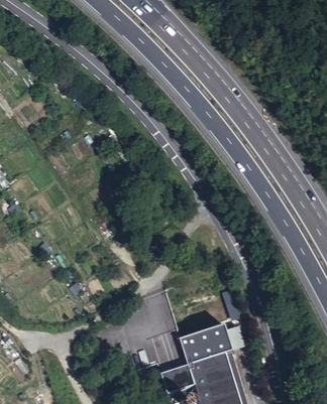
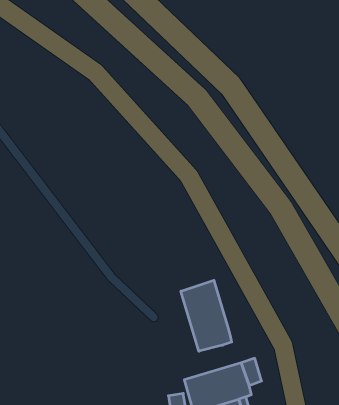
building: none -> [181,280,232,351]

